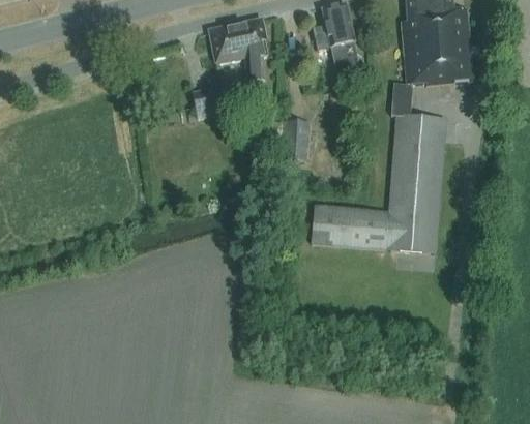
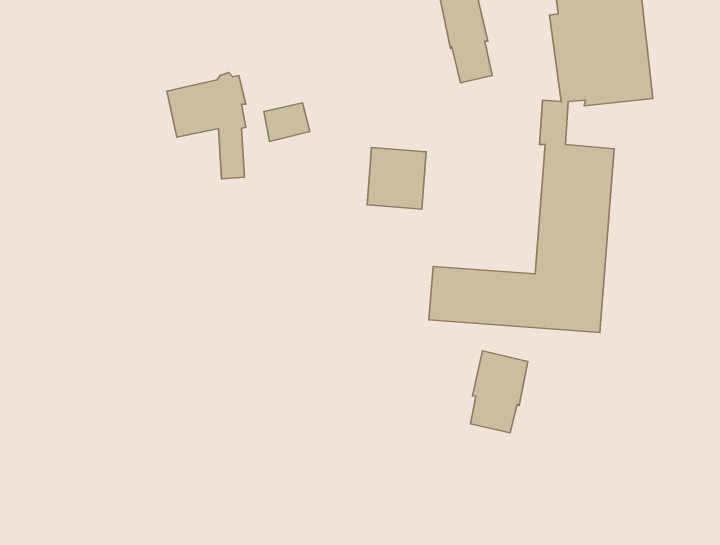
building: [210,18,267,94] -> [167,72,246,179]
building: none -> [471,351,528,433]

